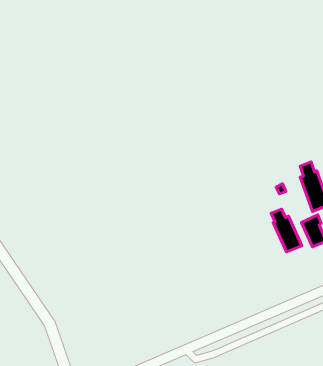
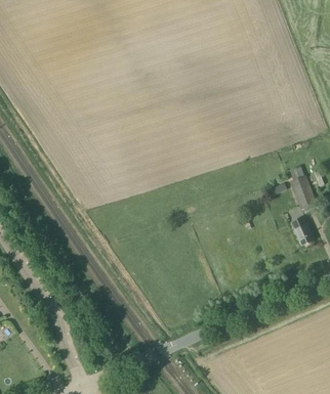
building: [271,209,302,252] -> none

